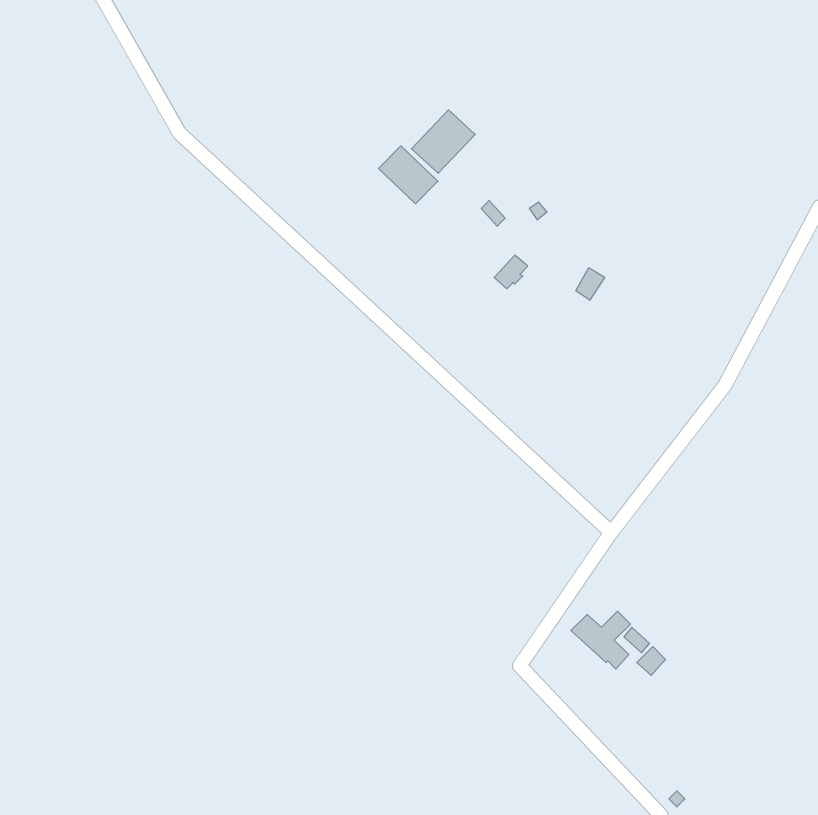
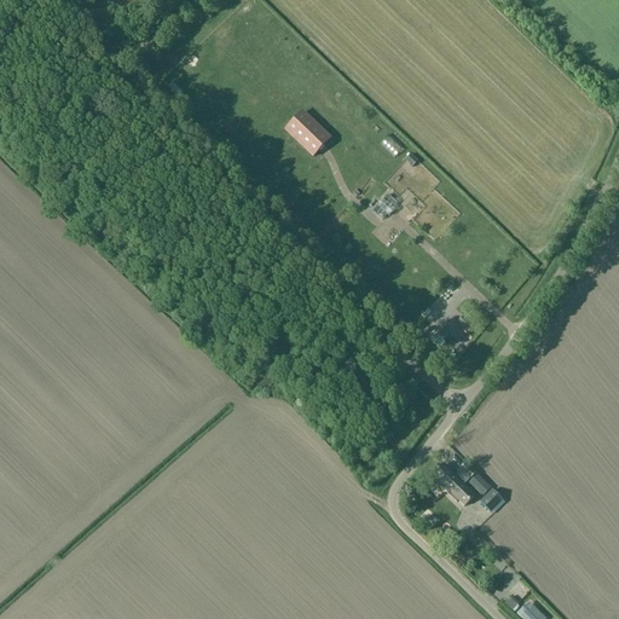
building: [411,110,475,173] -> none

